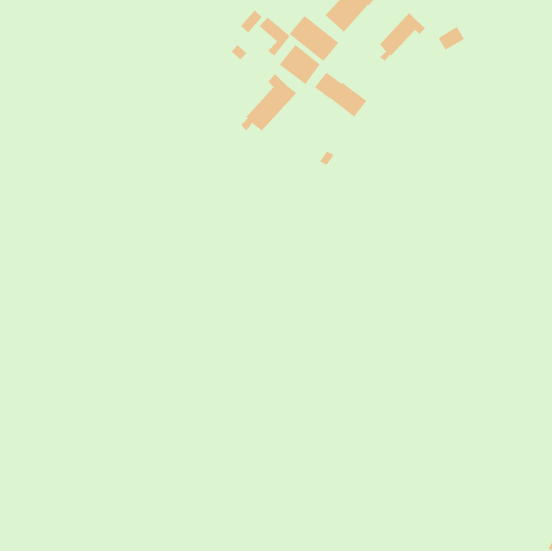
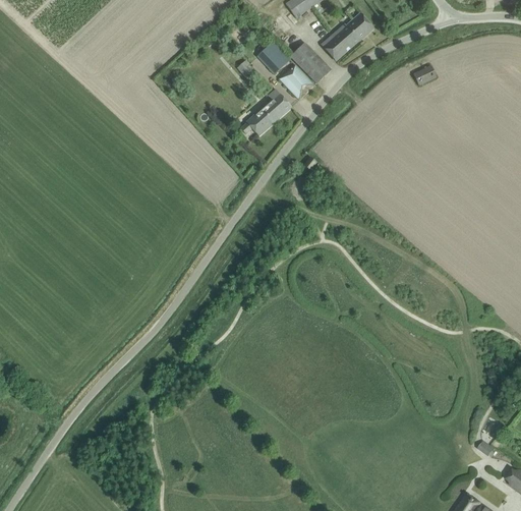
building: [379,12,426,61] -> none
building: [314,72,367,118] -> none

